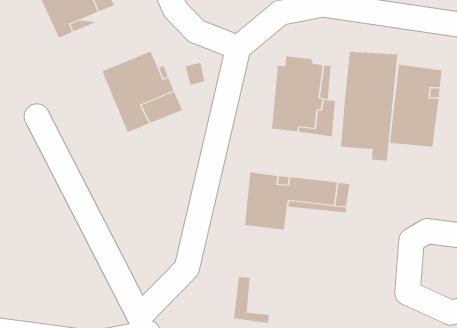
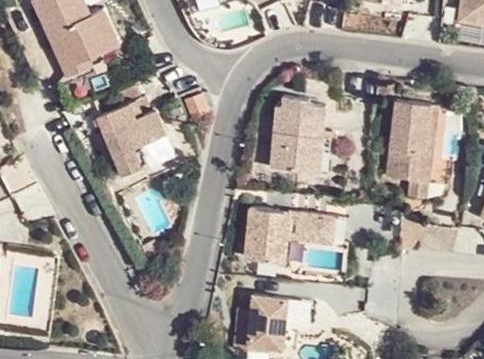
building: [341,51,398,161] -> none
building: none -> [248,294,288,347]

